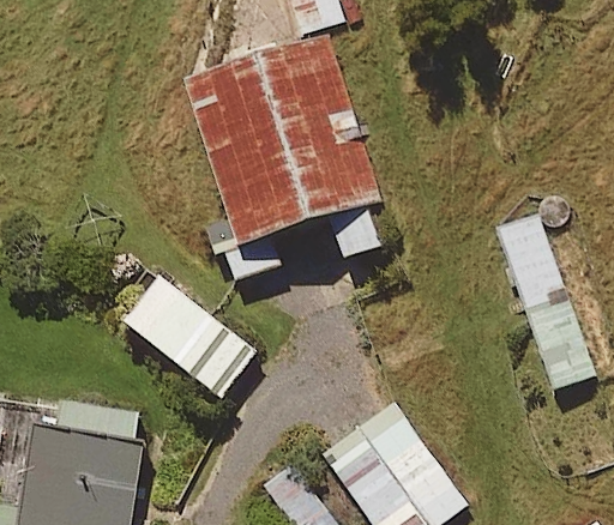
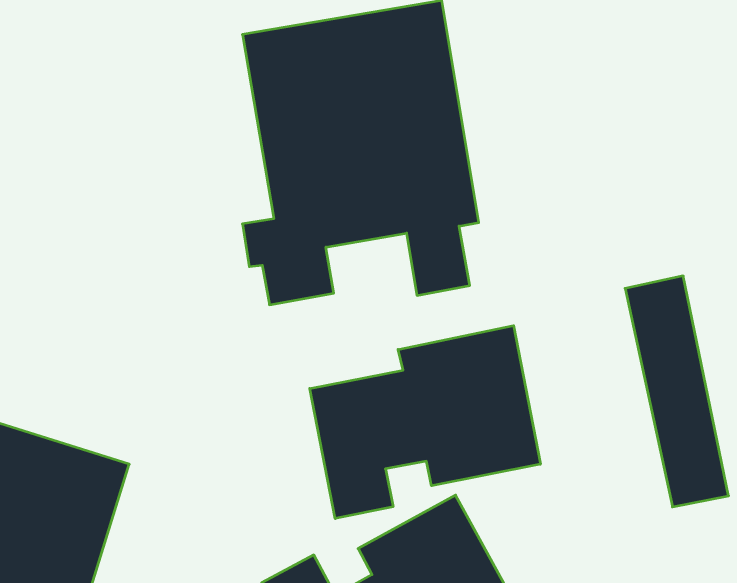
building: none -> [310,326,540,519]
building: [124,276,254,397] -> none

